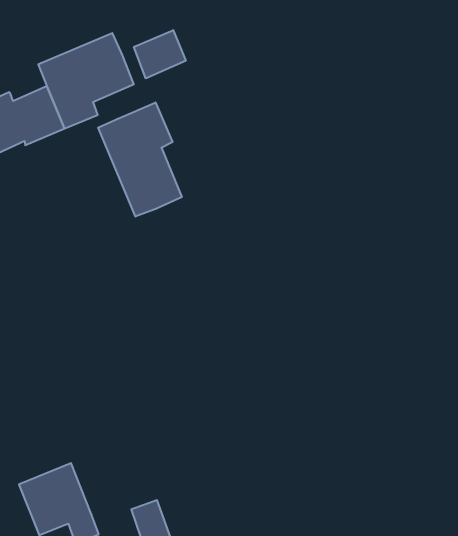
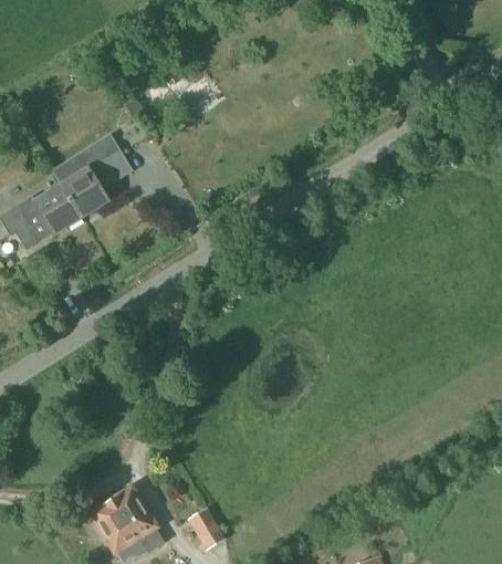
building: [134,30,186,78] -> none
building: [98,102,182,217] -> none

